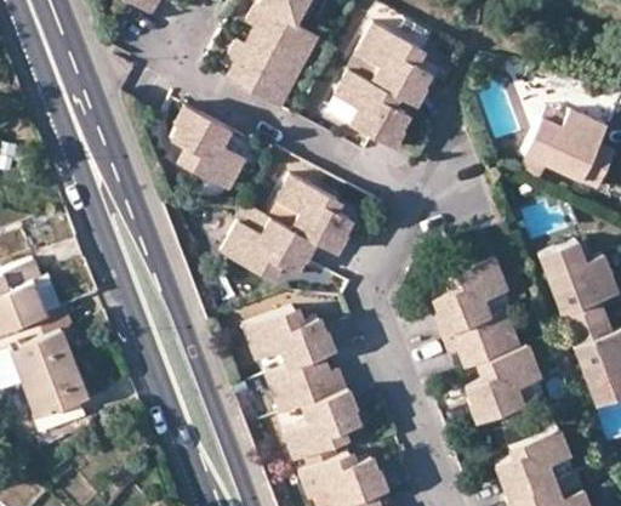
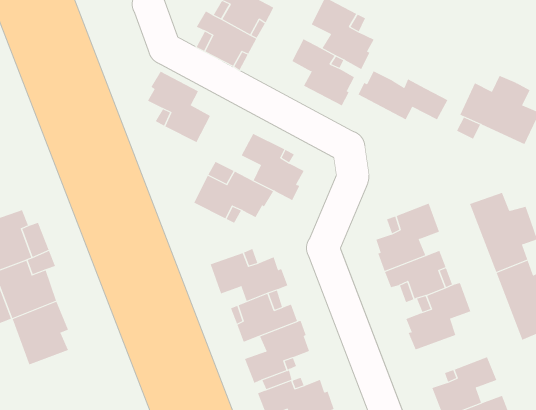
building: none -> [358,71,448,120]

